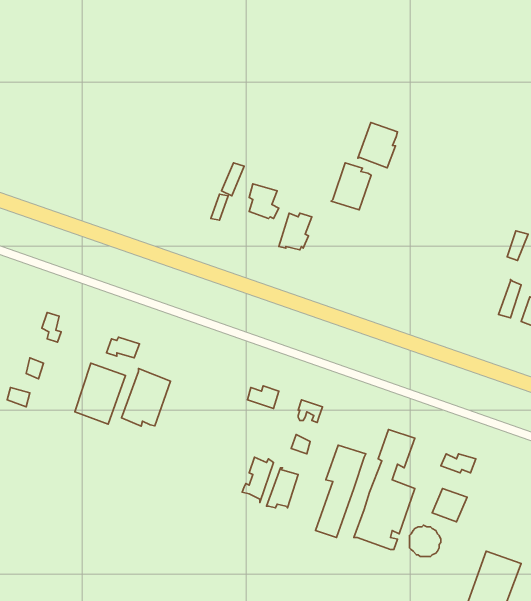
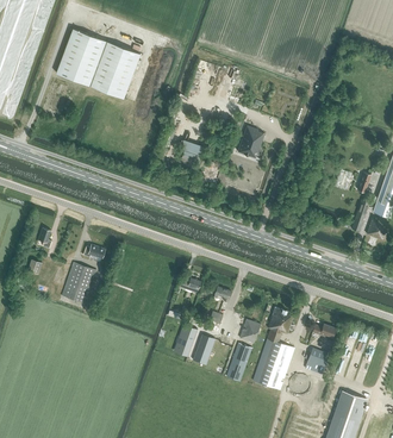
building: none -> [55,27,138,98]
building: [358,123,397,168] -> none
building: [121,368,171,426] -> none

